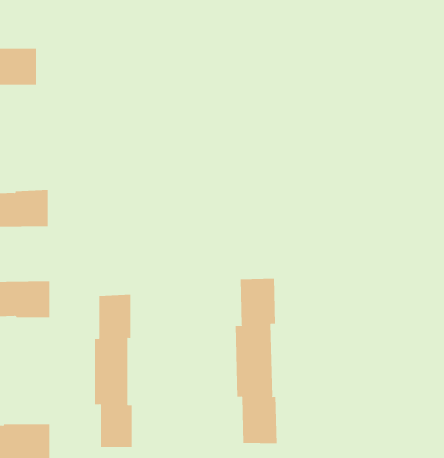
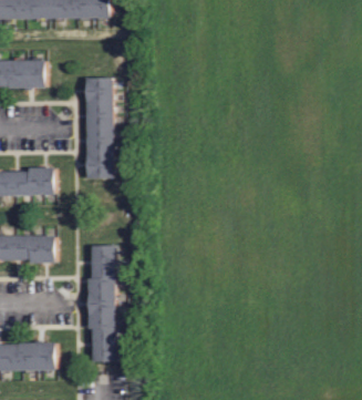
building: none -> [84,76,113,178]
building: [235,278,277,444] -> none

